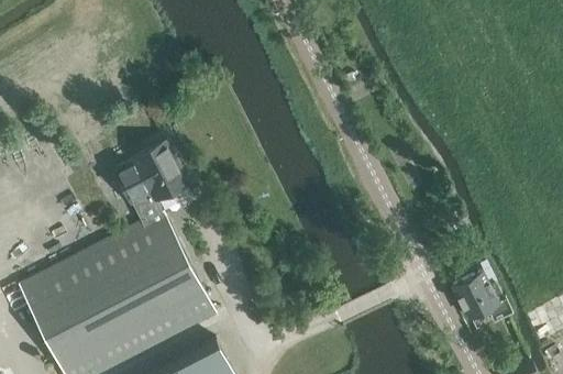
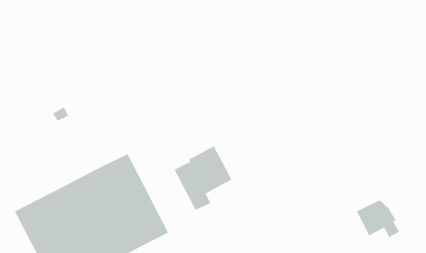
building: [114,140,189,223] -> [173,145,232,211]

